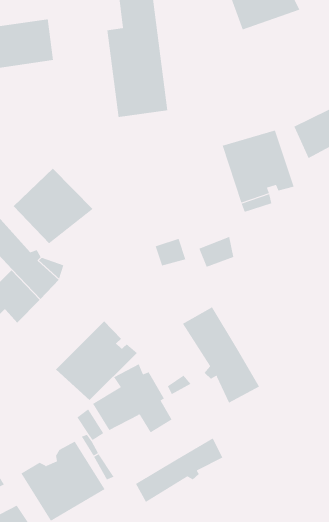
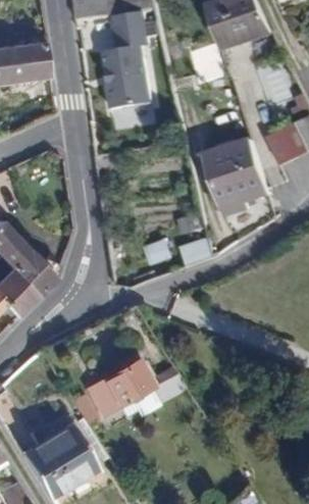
building: [13,168,93,244] -> none
building: [182,307,260,403] -> none
building: [55,320,138,401] -> none
building: [135,438,223,503] -> none

